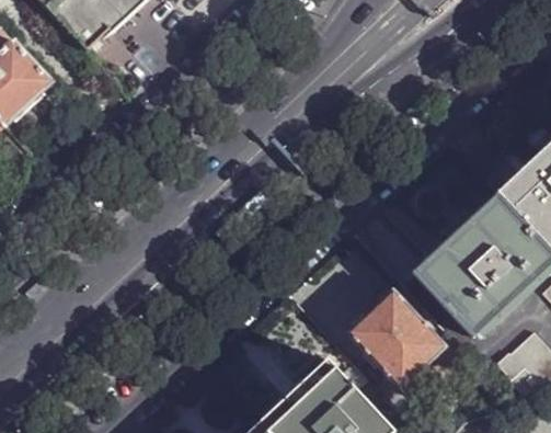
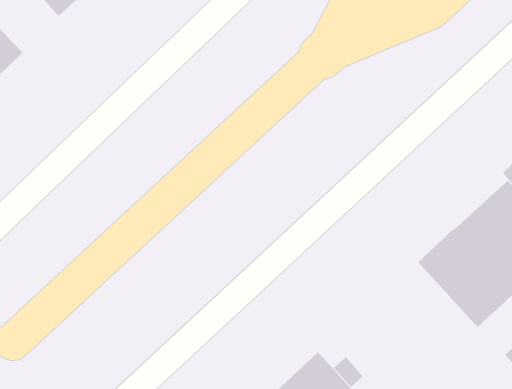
building: [348,290,444,386] -> none

